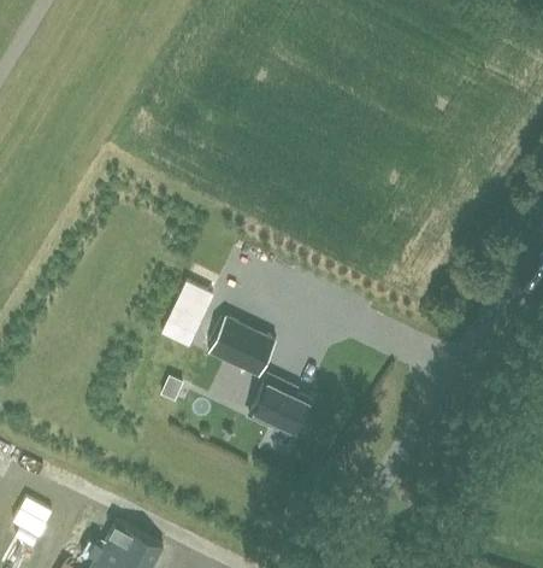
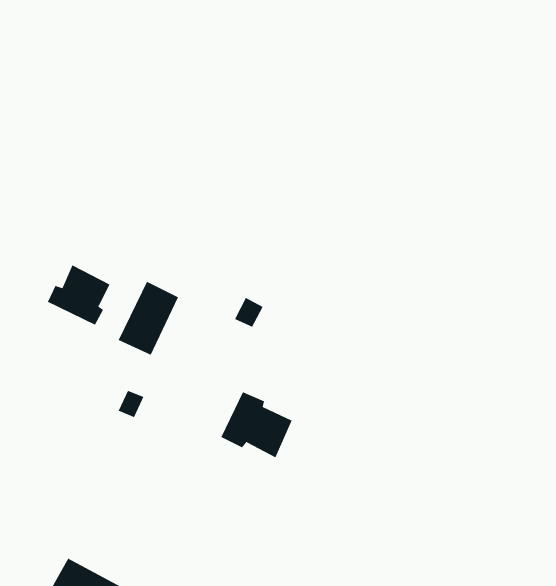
building: none -> [47,265,110,325]
building: [209,320,275,377] -> none

